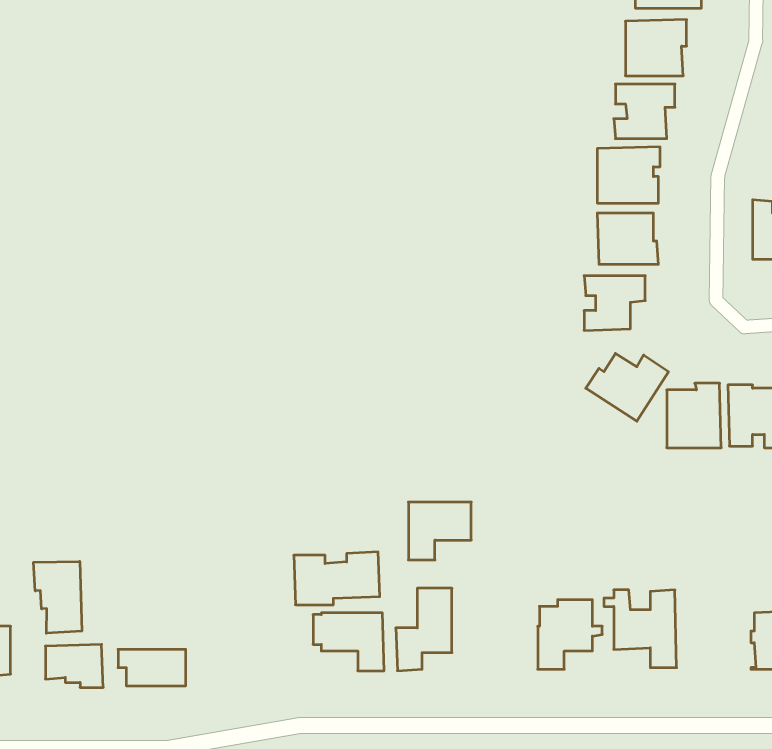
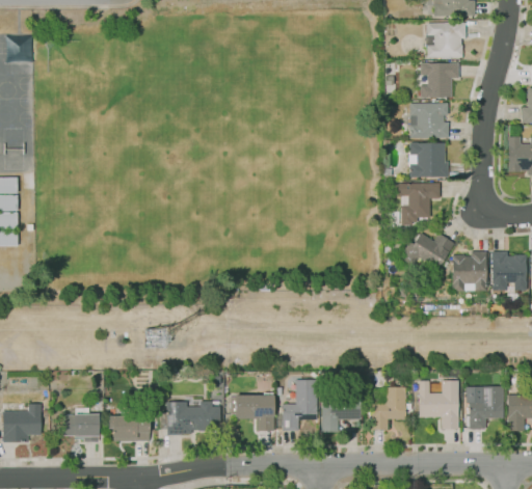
building: [408,502,471,560] -> [322,396,362,432]
building: [294,552,380,605] -> [166,400,220,433]
building: [34,561,82,633] -> none
building: none -> [467,385,504,429]

